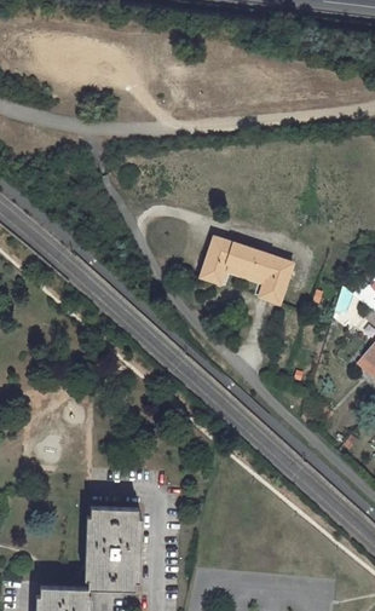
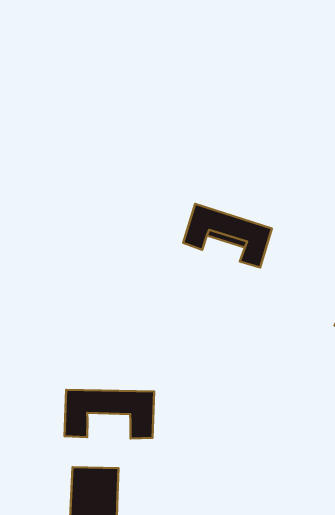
building: none -> [64,390,154,438]

